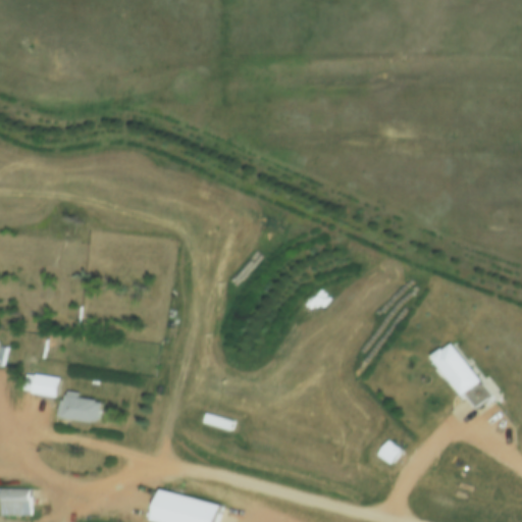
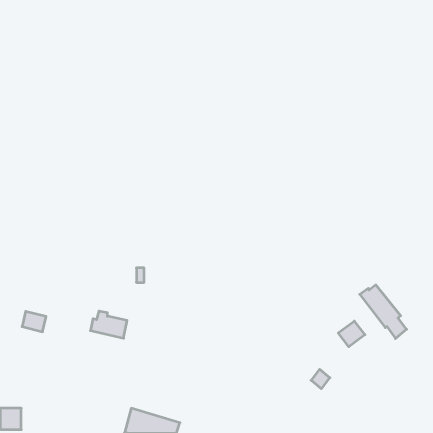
building: none -> [338,321,365,347]
building: [55,392,99,424] -> [90,311,127,338]

